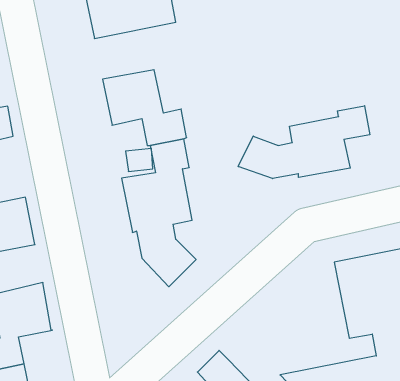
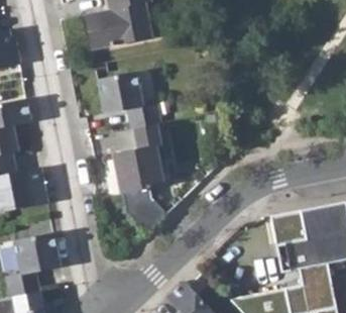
building: [238,106,370,179] -> none

